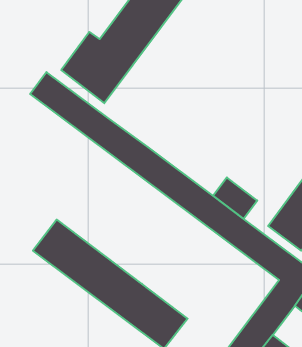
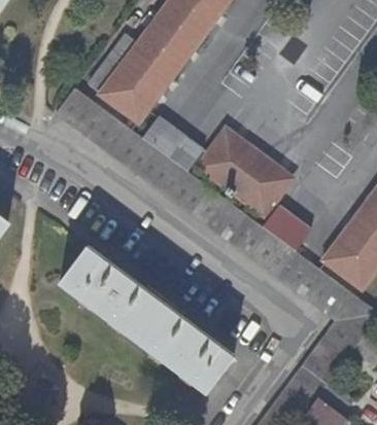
building: none -> [144,116,205,170]
building: none -> [200,128,293,214]

